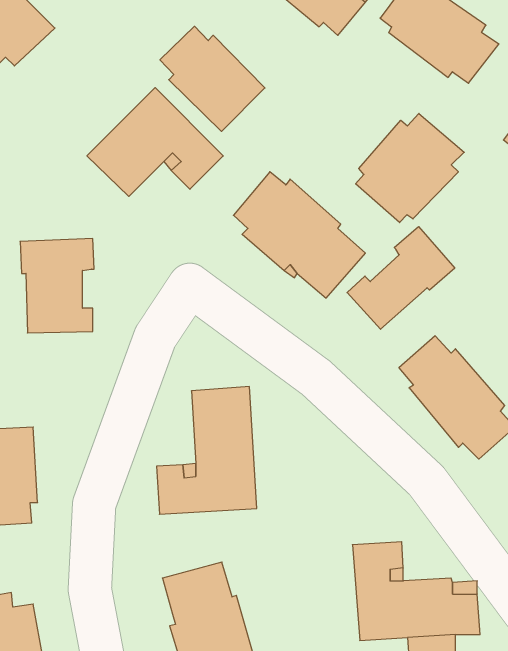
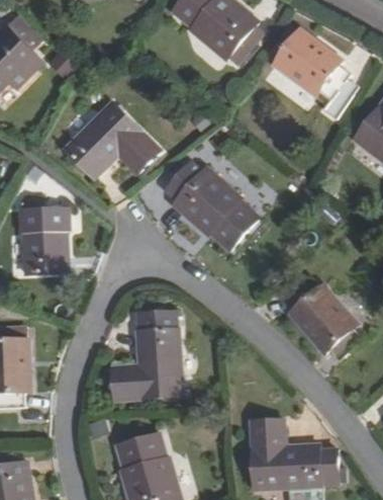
building: [160,26,265,131] -> none
building: [356,113,464,223] -> none
building: [347,227,455,329] -> none

